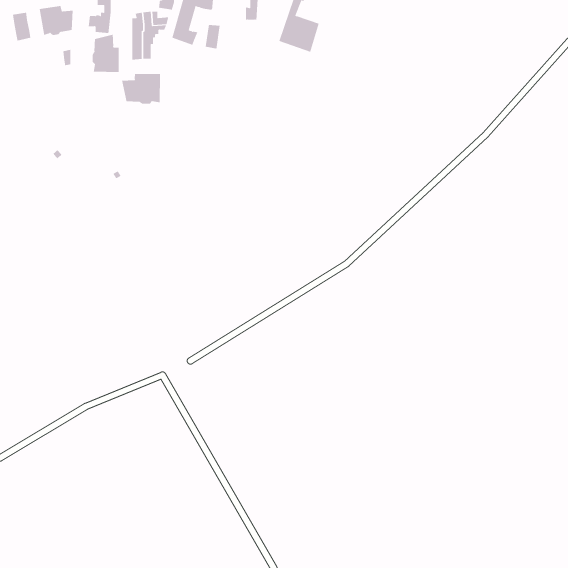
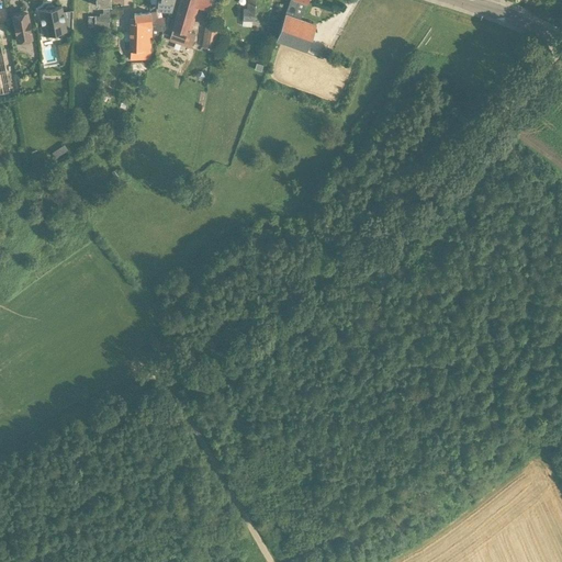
building: [92,34,119,73] -> none
building: [121,73,161,105] -> none

